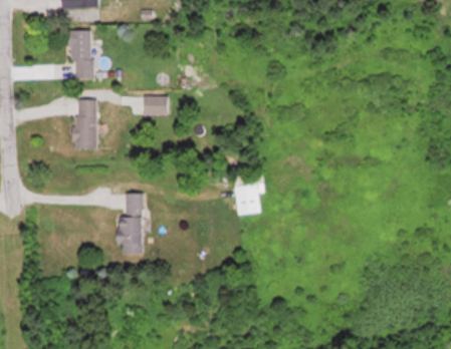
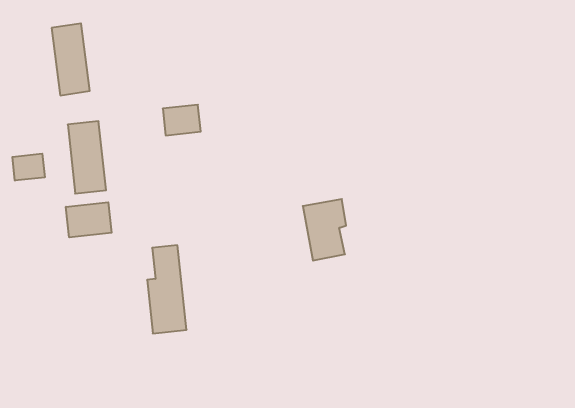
building: none -> [12,154,45,181]
building: none -> [66,202,112,237]

